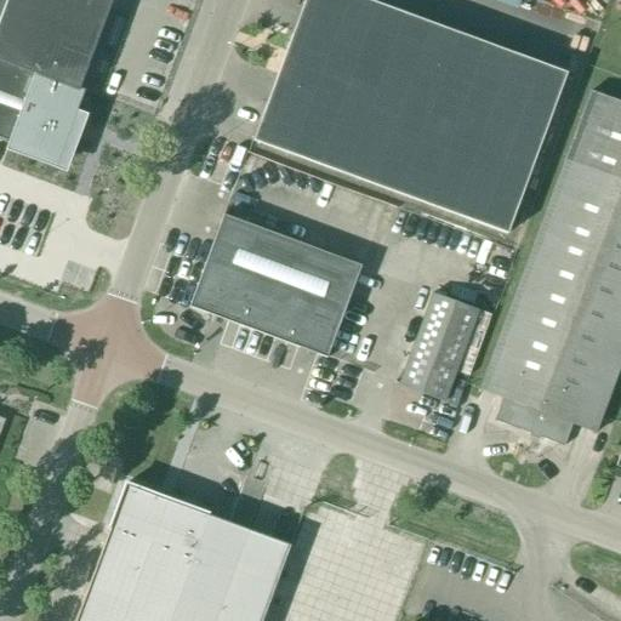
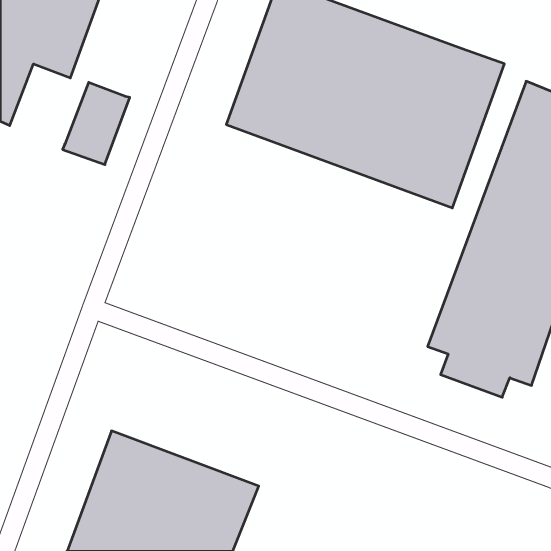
building: [11,72,86,164] -> [63,82,130,165]
building: [190,213,363,357] -> none
building: [400,292,480,400] -> none

